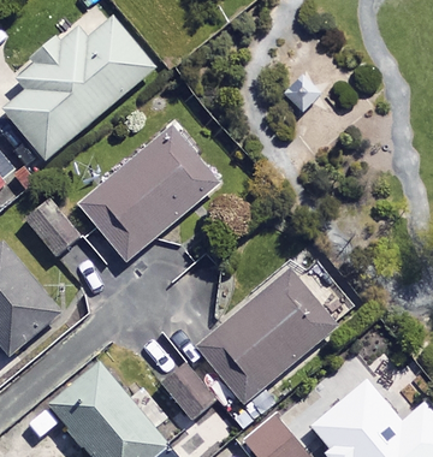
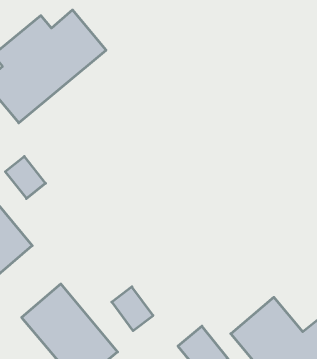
building: [81,129,218,259] -> none
building: [196,266,340,405] -> none

